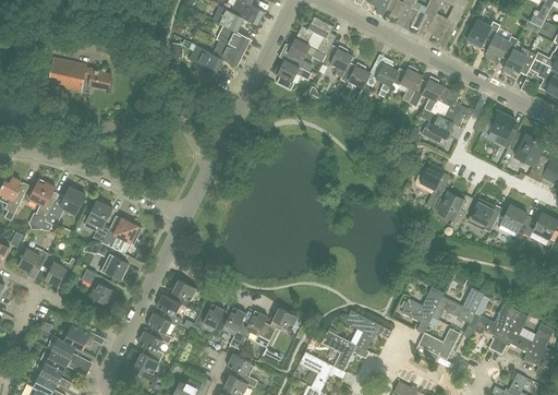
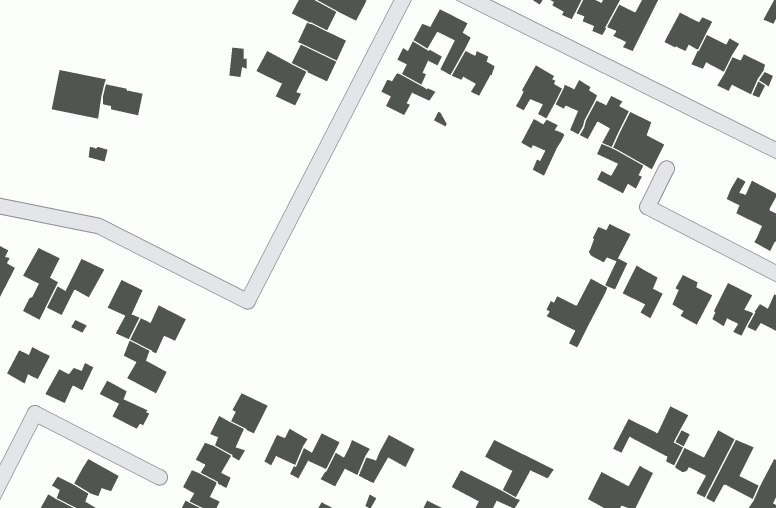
building: [340,62,371,101] -> [520,119,565,176]
building: [490,111,517,148] -> none
building: [401,286,444,334] -> [546,278,608,348]

